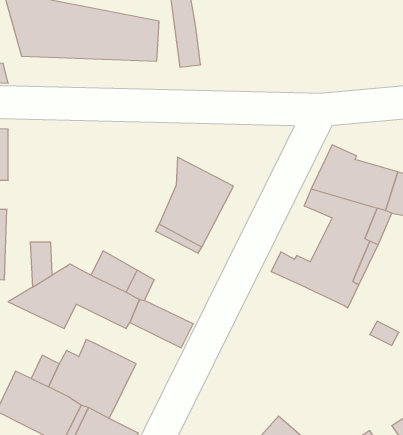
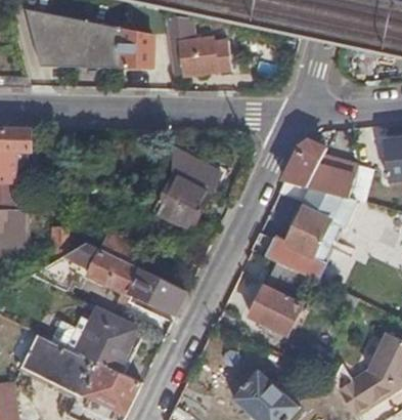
building: none -> [188,36,239,76]
building: none -> [251,259,313,333]

